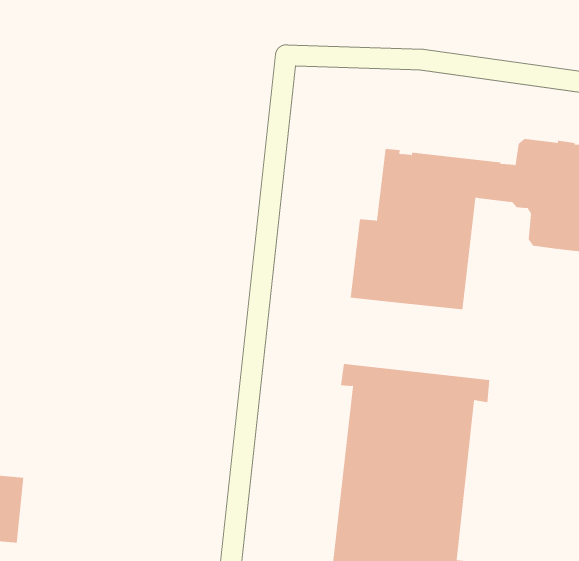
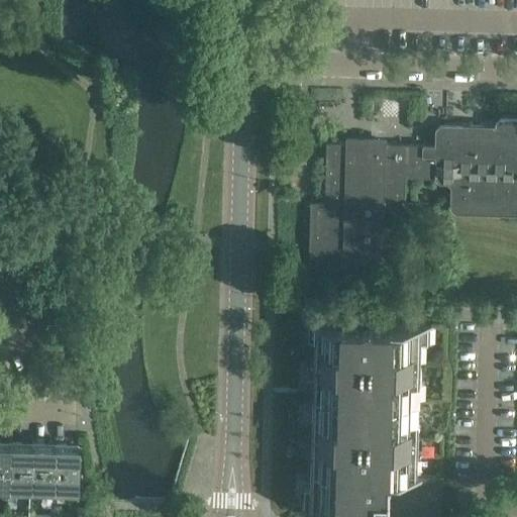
building: none -> [53,441,77,497]

